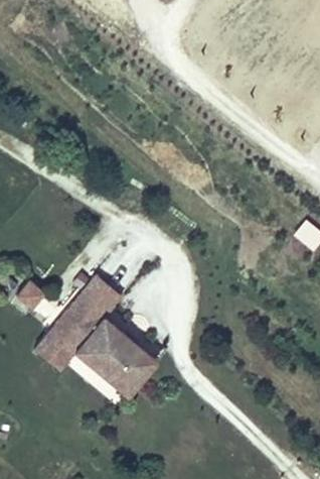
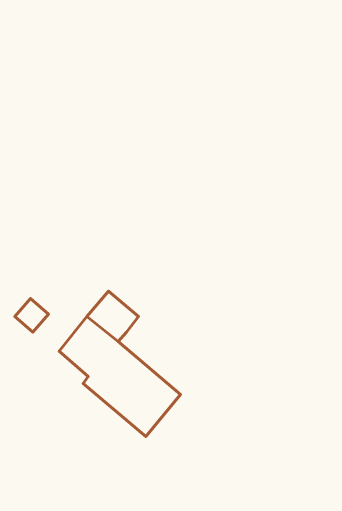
building: [36,326,81,371] -> none

